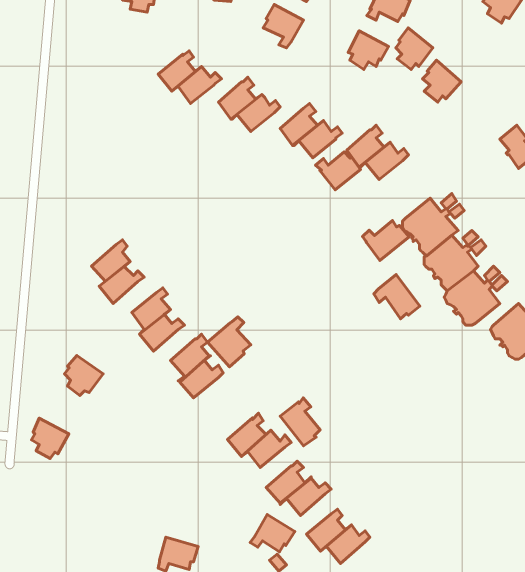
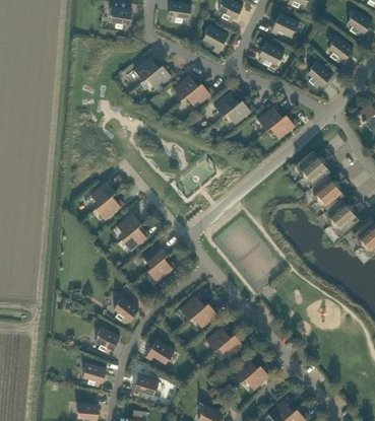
building: [396,28,433,70] -> [328,36,353,63]
building: [316,152,361,190] -> none
building: [362,221,409,260] -> none
building: [374,275,420,319] -> none
building: [208,317,251,367] -> none
building: [64,355,103,396] -> [114,296,139,323]
building: [280,398,320,446] -> none
building: [32,418,69,458] -> [96,327,120,353]
building: [250,515,295,552] -> [145,339,175,363]
building: none -> [83,362,107,387]

